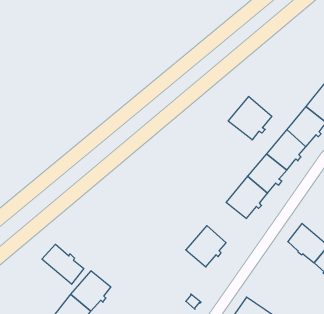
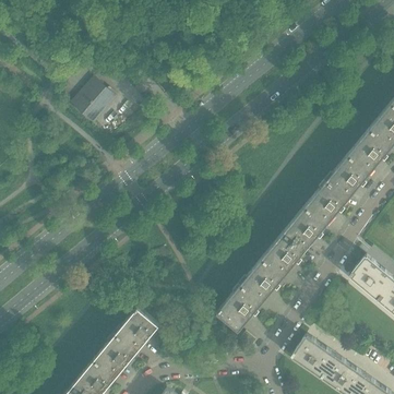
building: none -> [71,79,116,124]
building: [228,96,272,140] -> none
building: none -> [262,234,305,277]
building: [42,244,84,284] -> none
building: none -> [218,285,261,329]

